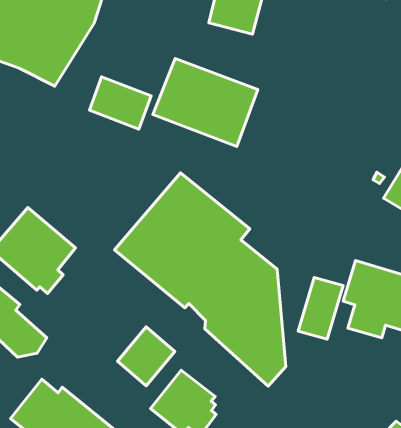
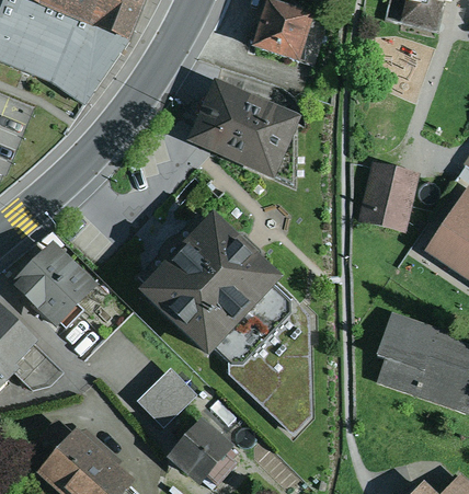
building: [89,77,151,129] -> none
building: none -> [357,161,419,232]
building: [298,278,343,339] -> none

